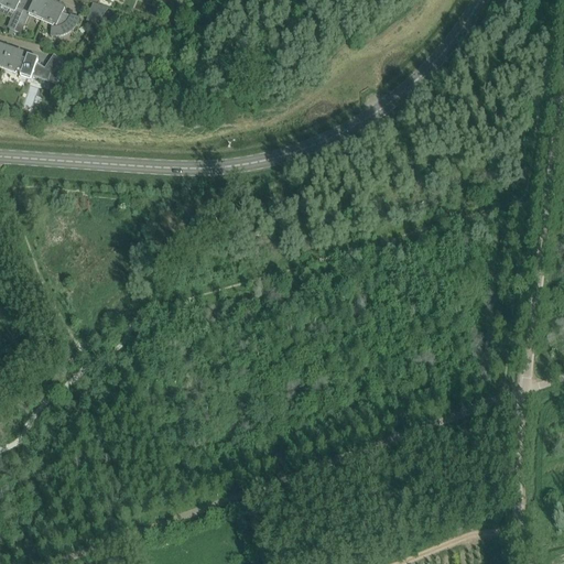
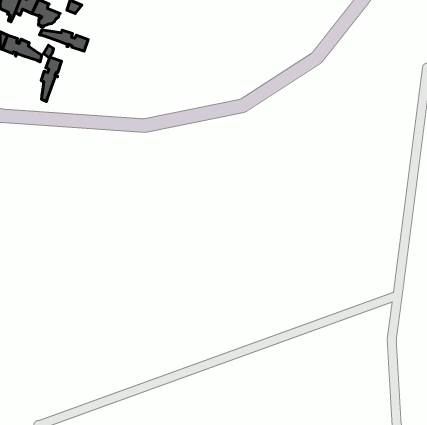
building: none -> [40,30,88,51]
building: none -> [41,57,61,102]

